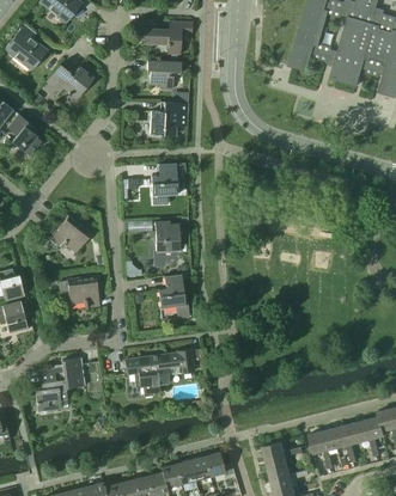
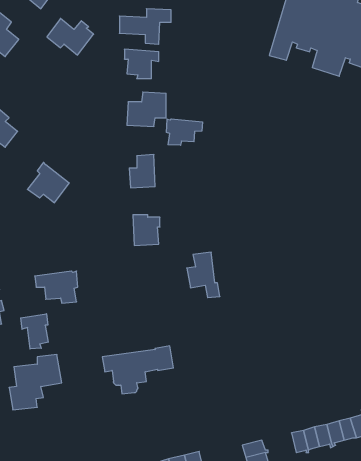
building: [47,63,92,99] -> [47,18,94,55]
building: none -> [167,119,202,145]
building: [50,213,91,252] -> [27,162,69,203]
building: [158,274,190,318] -> [187,252,220,298]
building: none -> [21,314,48,349]

